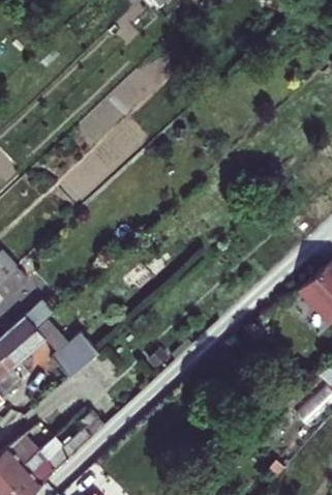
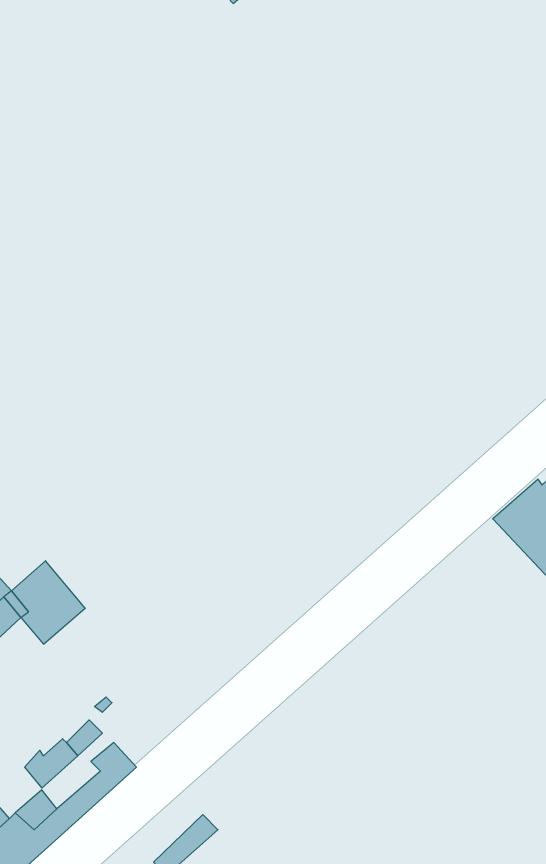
building: [53,333,96,376] -> none

